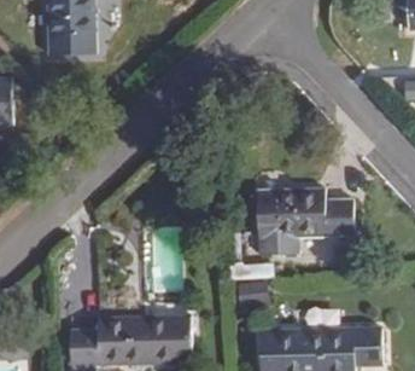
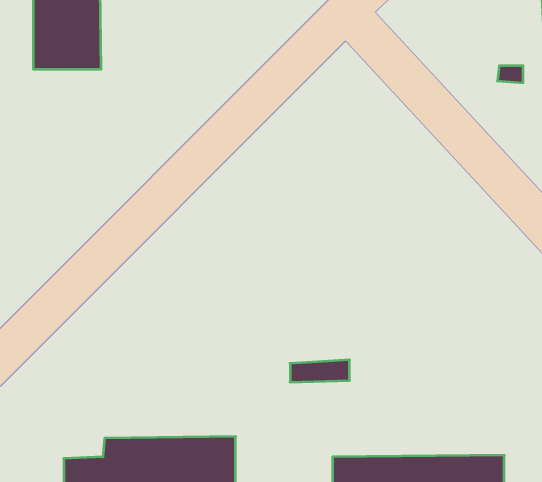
building: [258,190,356,256] -> none

